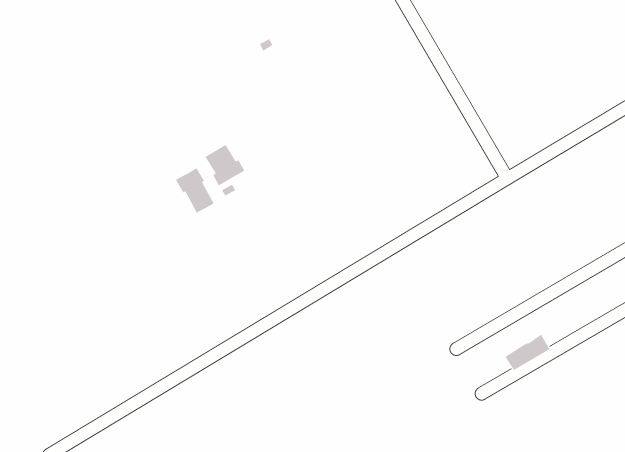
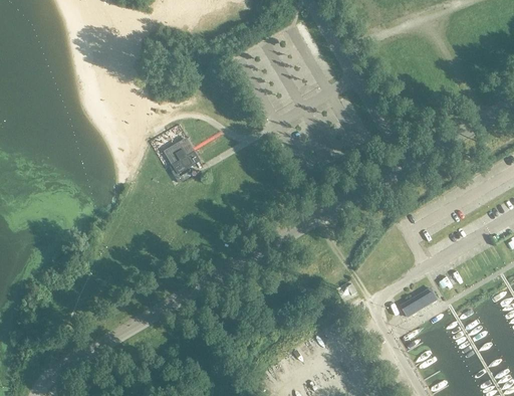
building: [175,167,214,213] -> none

